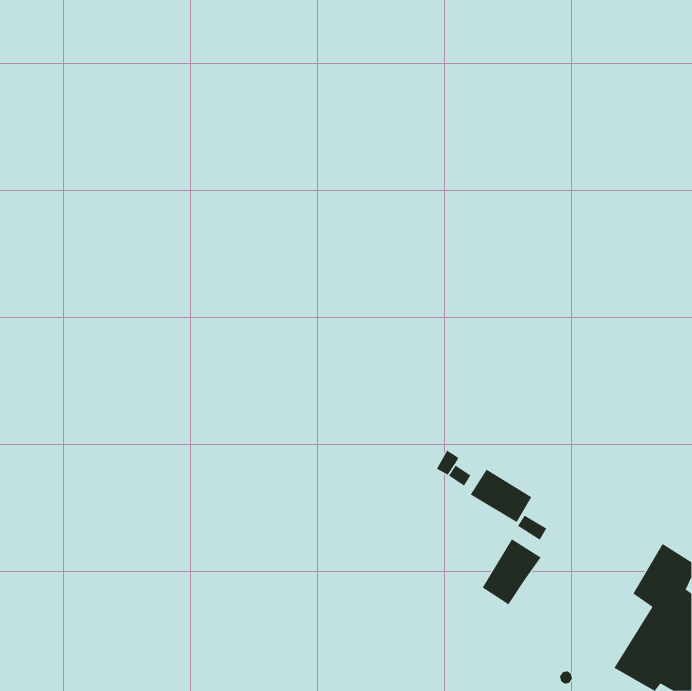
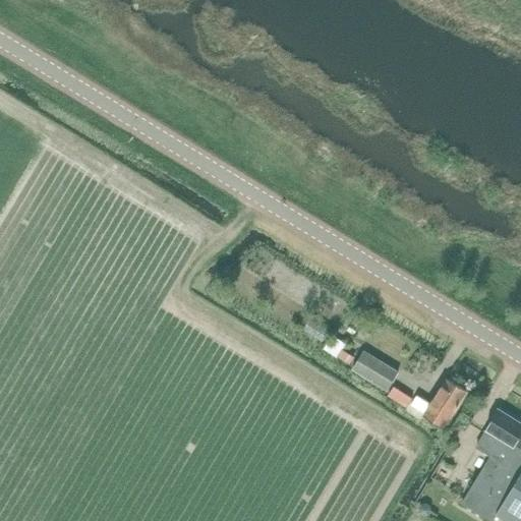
building: [482,539,541,605] -> [424,377,469,426]

